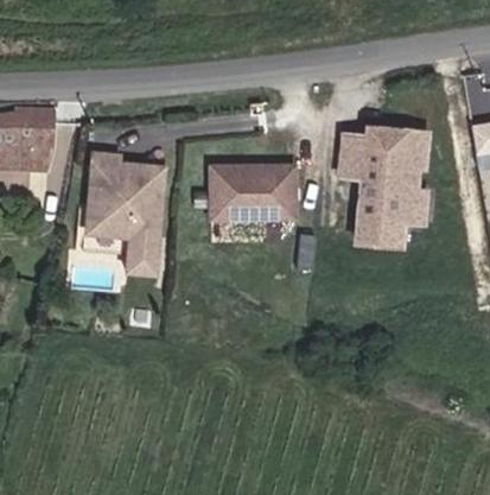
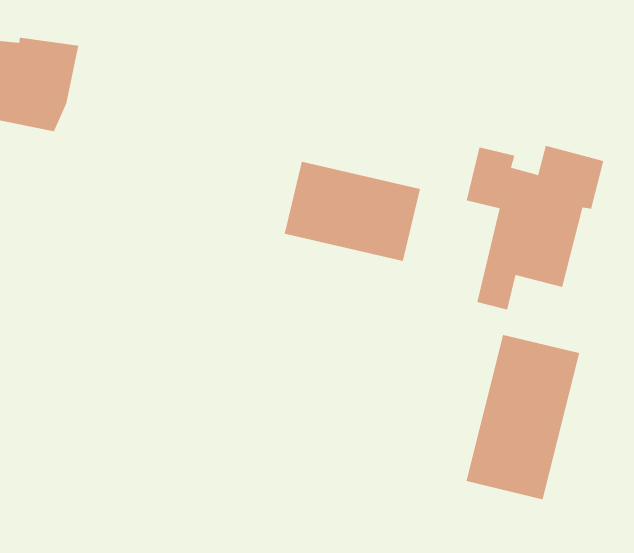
building: [91,152,171,273] -> none
building: none -> [466,334,580,500]

